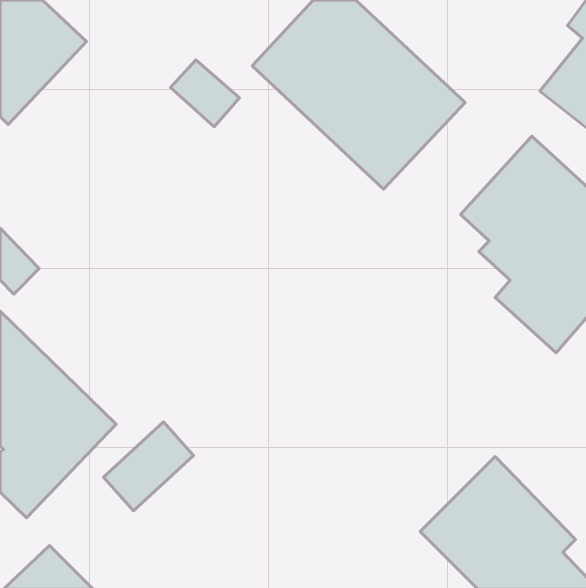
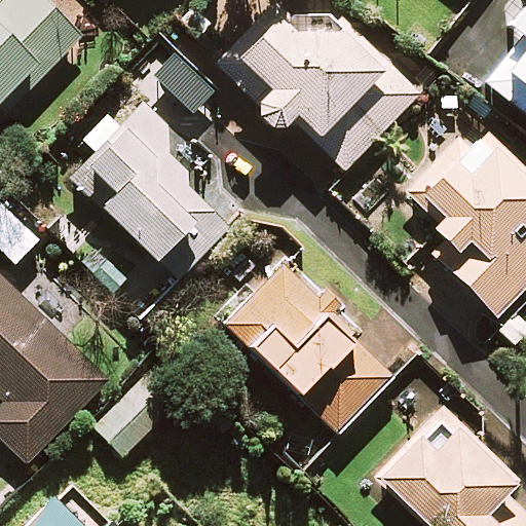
building: none -> [70,100,240,277]
building: none -> [223,259,421,433]

